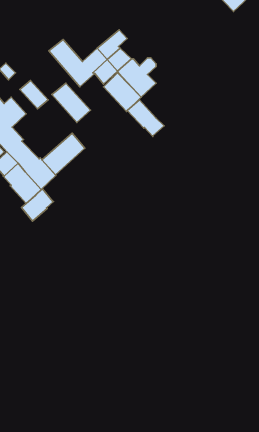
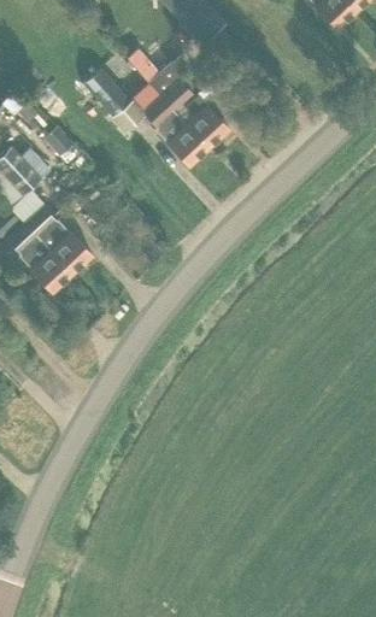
building: [52,83,90,123] -> none
building: [127,100,164,137] -> none
building: [42,133,85,175] -> none
building: [21,189,54,221] -> none

